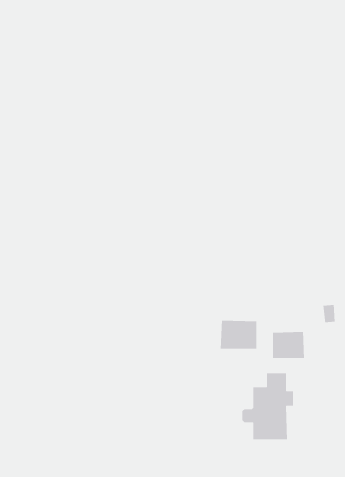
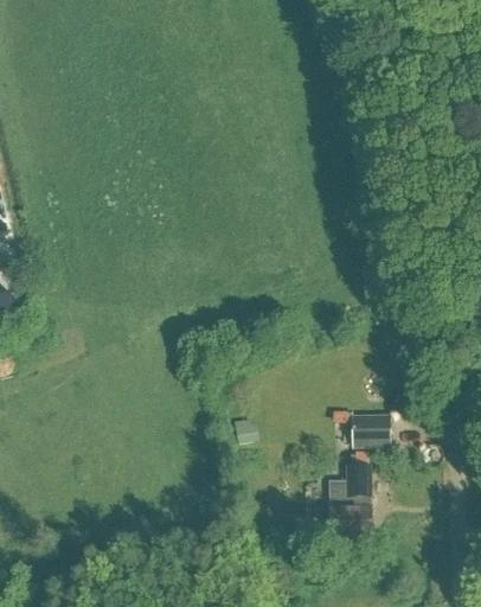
building: [220,320,257,349] -> none

